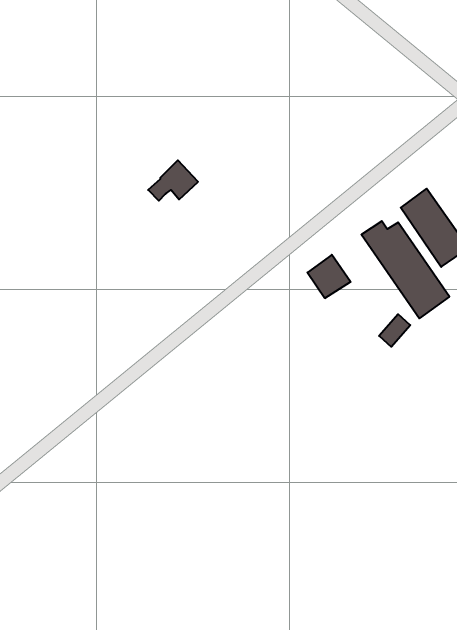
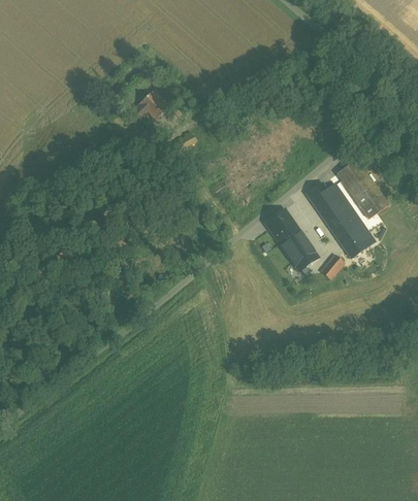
building: [148,160,198,201] -> [133,88,171,119]
building: none -> [281,229,319,269]

